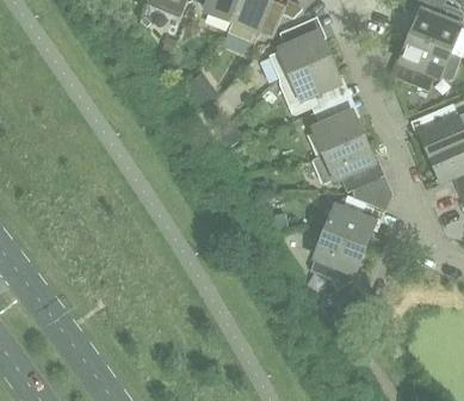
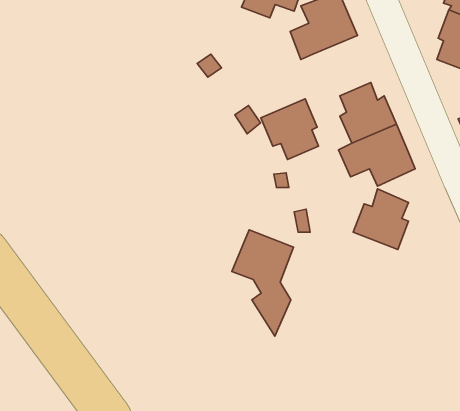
building: [290,57,341,111] -> [261,99,319,159]
building: [310,232,365,326] -> [232,230,294,336]

